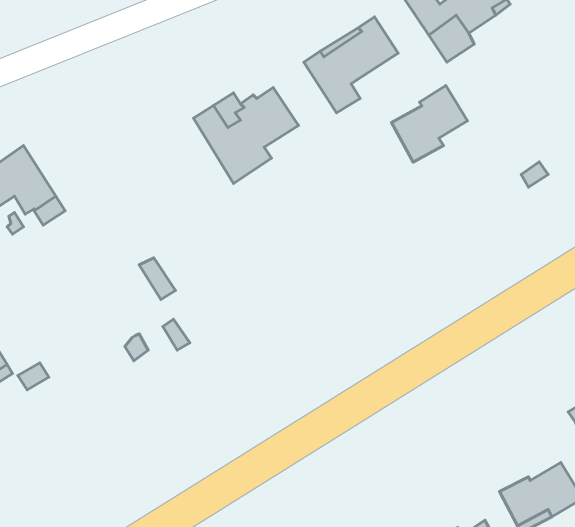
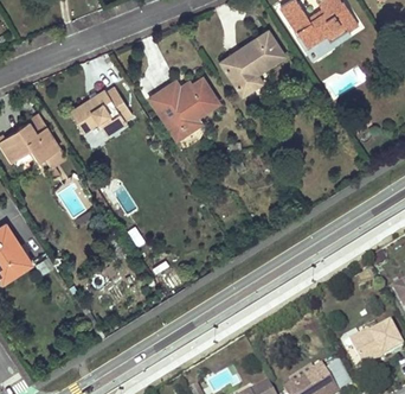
building: [391,85,468,162] -> none
building: none -> [69,81,130,131]

